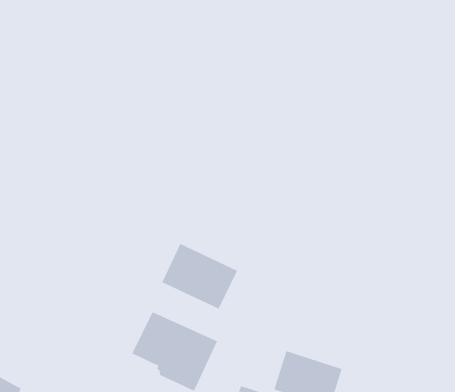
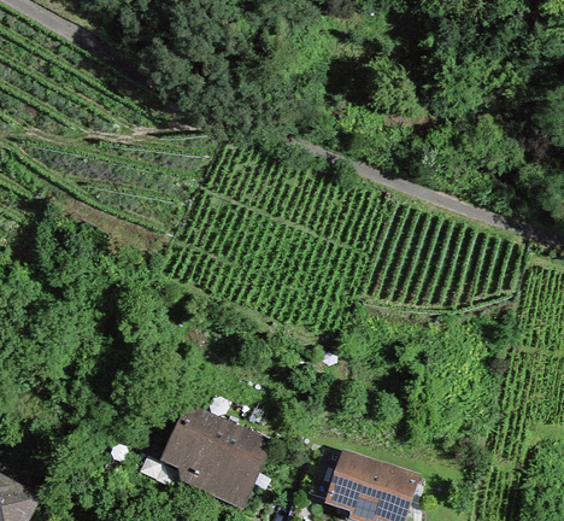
building: [161,243,238,310] -> none

